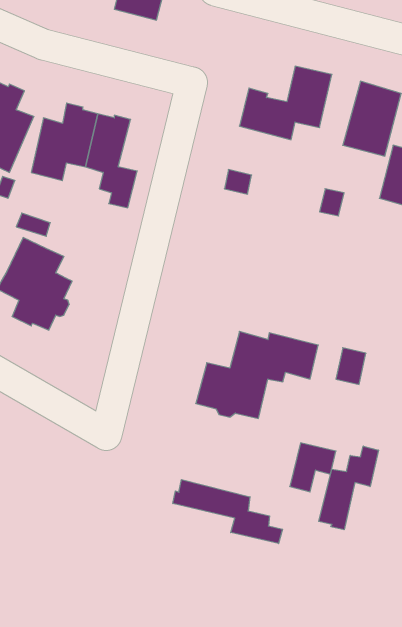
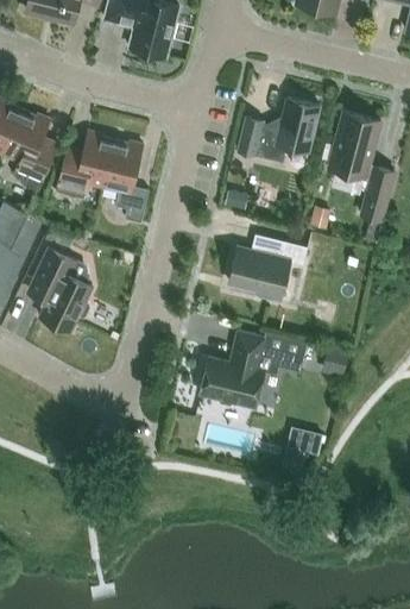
building: none -> [229,233,309,302]
building: [319,446,378,530] -> none
building: [173,480,283,544] -> none

